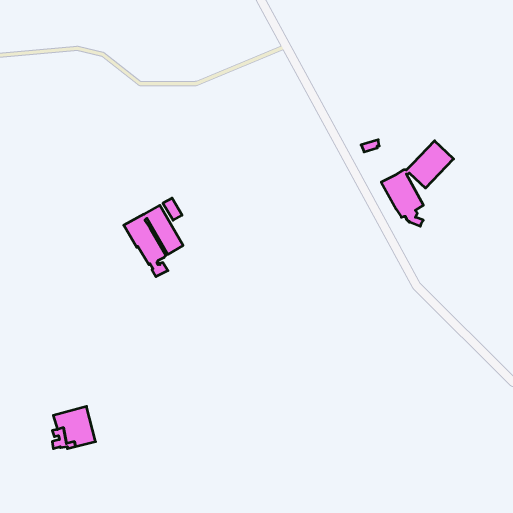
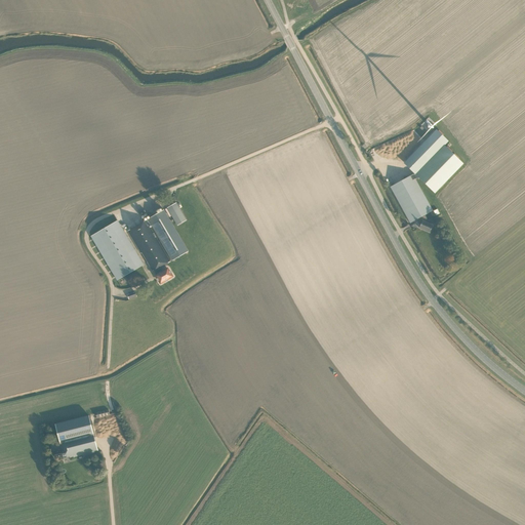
building: none -> [409,128,447,167]
building: none -> [89,219,143,279]

